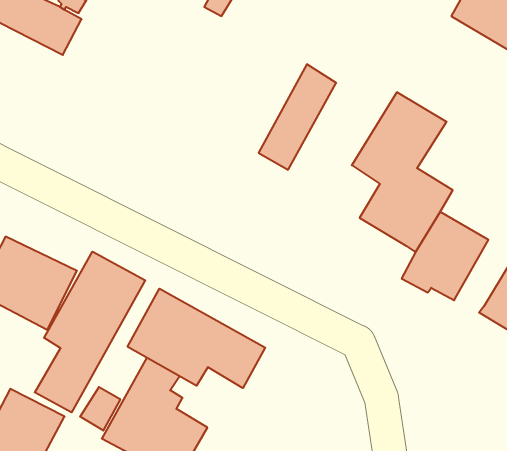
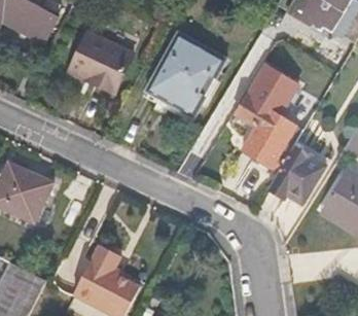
building: none -> [67,31,132,94]
building: none -> [144,32,205,105]
building: [35,252,145,412] -> none
building: [128,289,265,388] -> none

